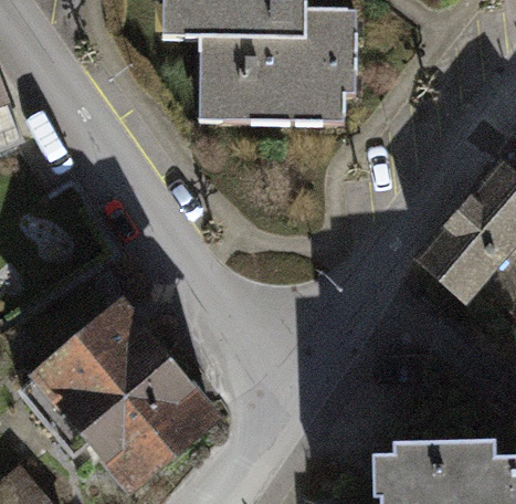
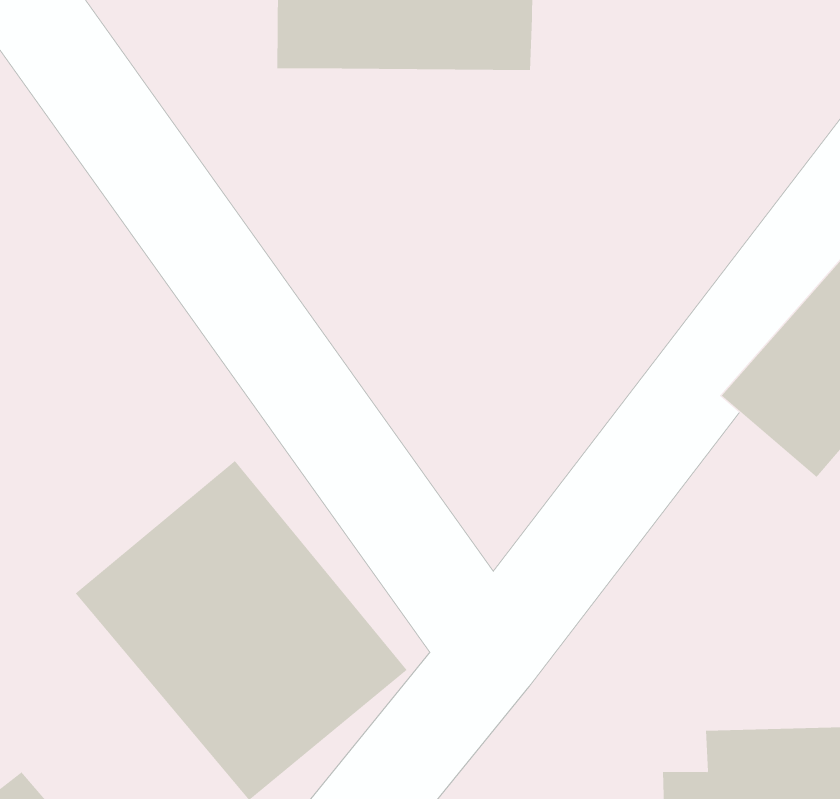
building: [194,38,355,148] -> none

